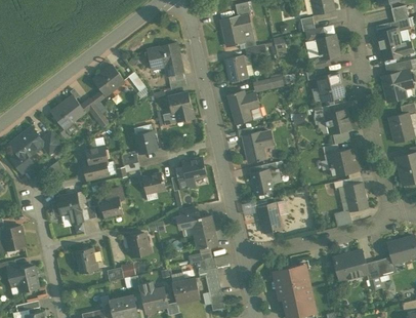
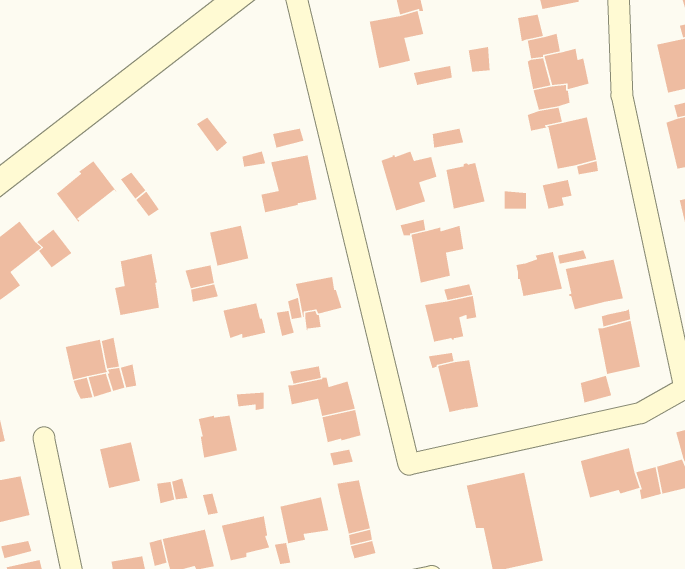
building: [147,43,183,78] -> none
building: [225,56,247,82] -> [446,162,486,210]
building: [93,67,124,95] -> none
building: [326,110,351,134] -> [515,251,563,297]
building: [101,188,124,221] -> none

